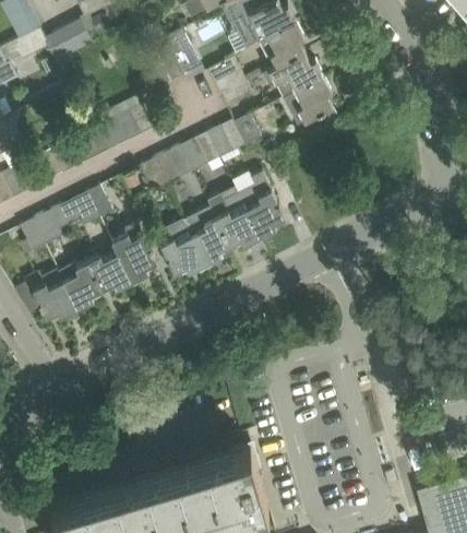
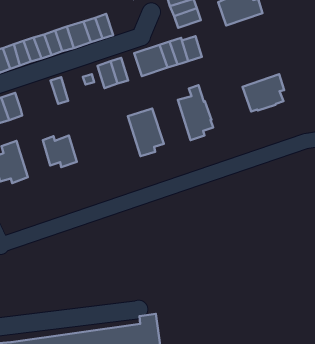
building: [283,76,333,125] -> [243,74,284,111]
building: [70,191,100,226] -> none
building: [206,192,261,246] -> none
building: [154,220,205,273] -> none
building: [111,227,157,282] -> none
building: [64,262,101,308] -> none

